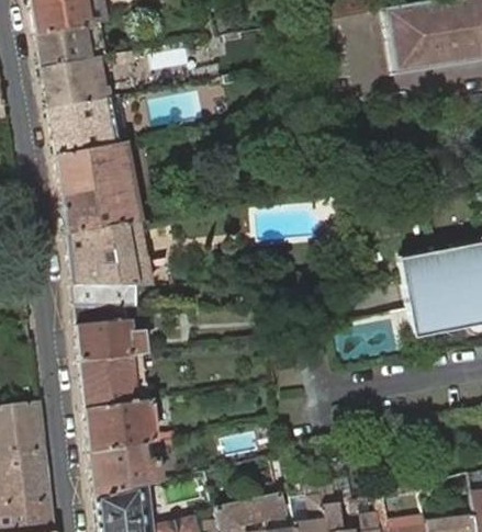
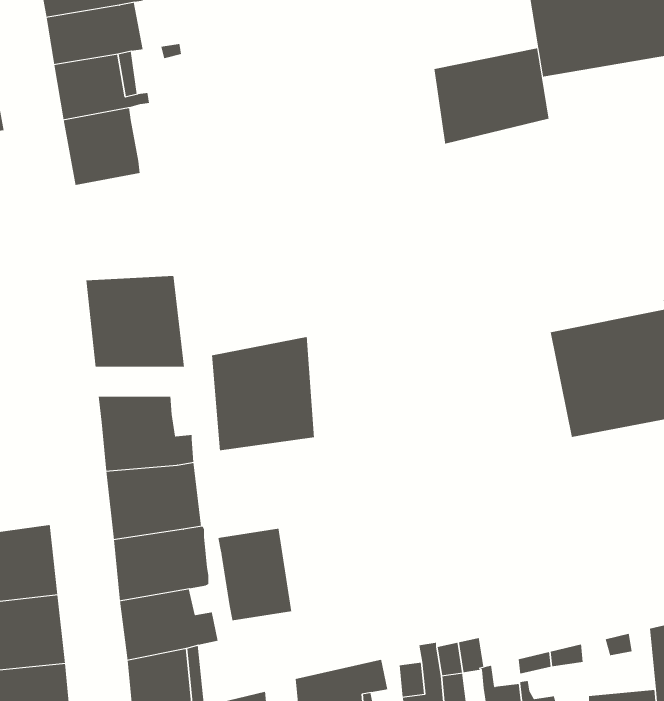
building: none -> [434,47,549,144]
building: [58,143,139,223] -> none
building: none -> [211,336,315,451]
building: none -> [218,528,292,621]

